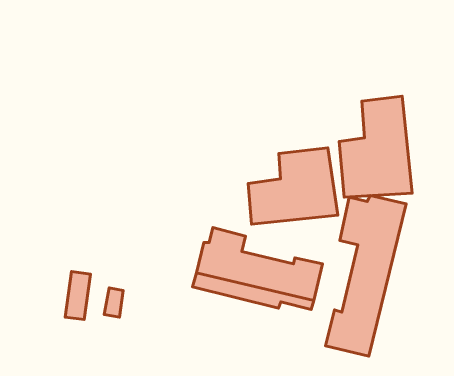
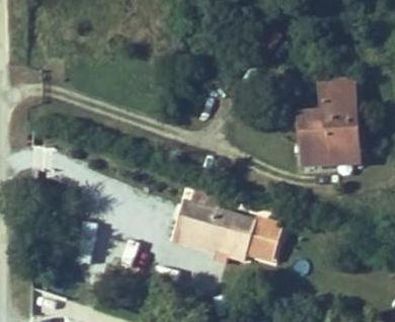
building: [248,148,338,224] -> none
building: [325,196,406,356] -> none

